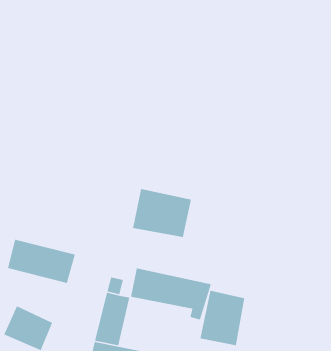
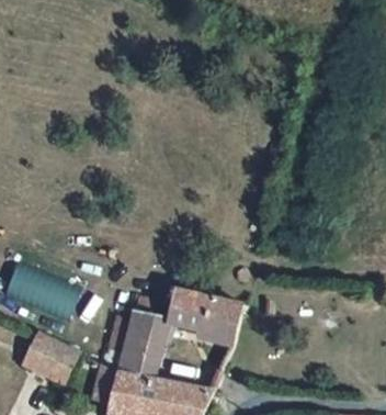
building: [132,188,192,238] -> none
building: [199,290,245,346] -> none

